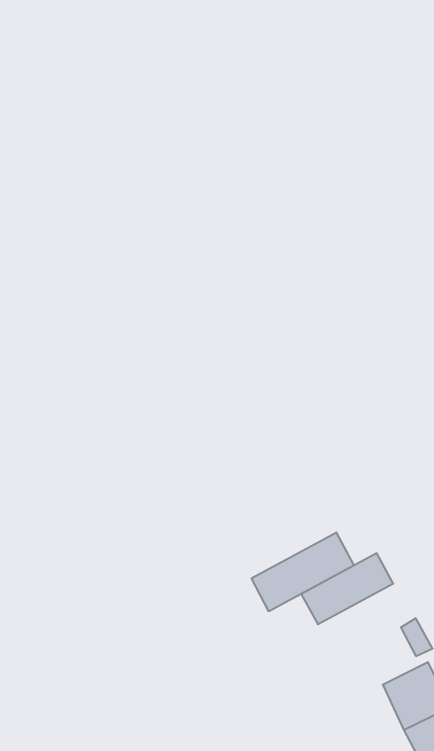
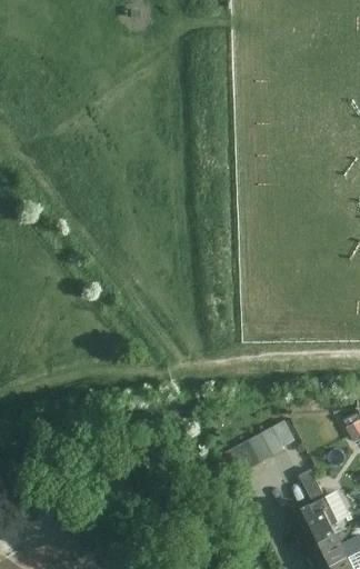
building: [251,532,354,611] -> none

